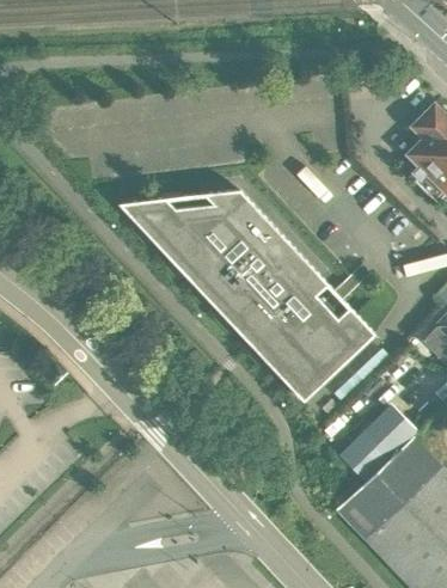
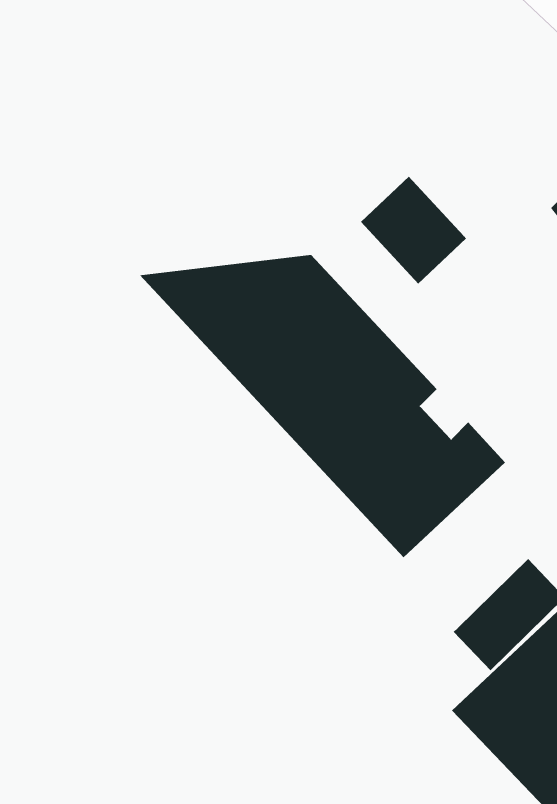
building: none -> [360,176,467,284]

